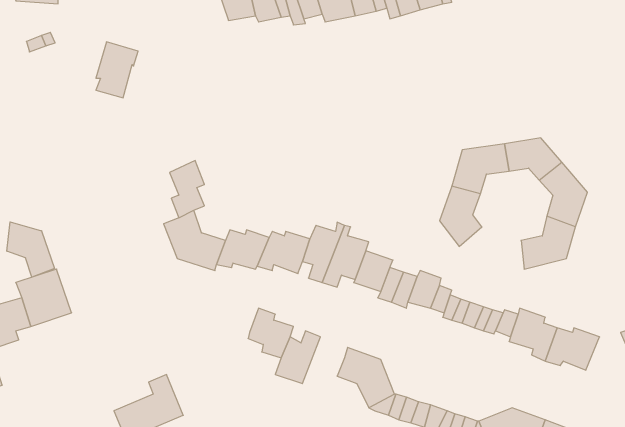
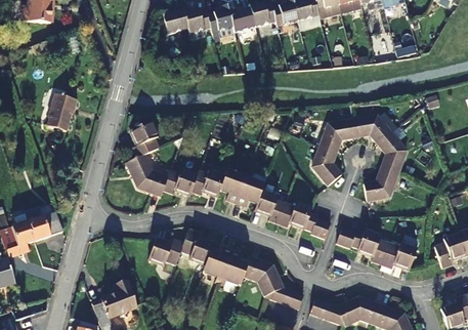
building: [96,42,138,98] -> [50,94,79,132]
building: [7,222,55,277] -> none
building: none -> [144,241,182,265]
building: none -> [217,249,247,289]

